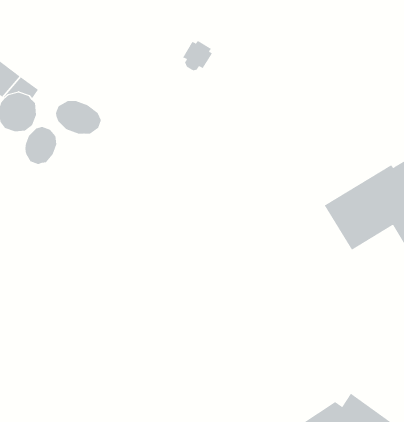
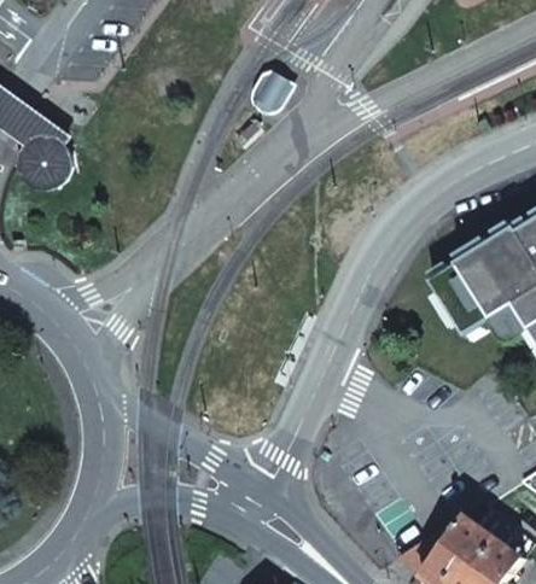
building: [56,100,101,134] -> none
building: [25,126,57,165] -> none

